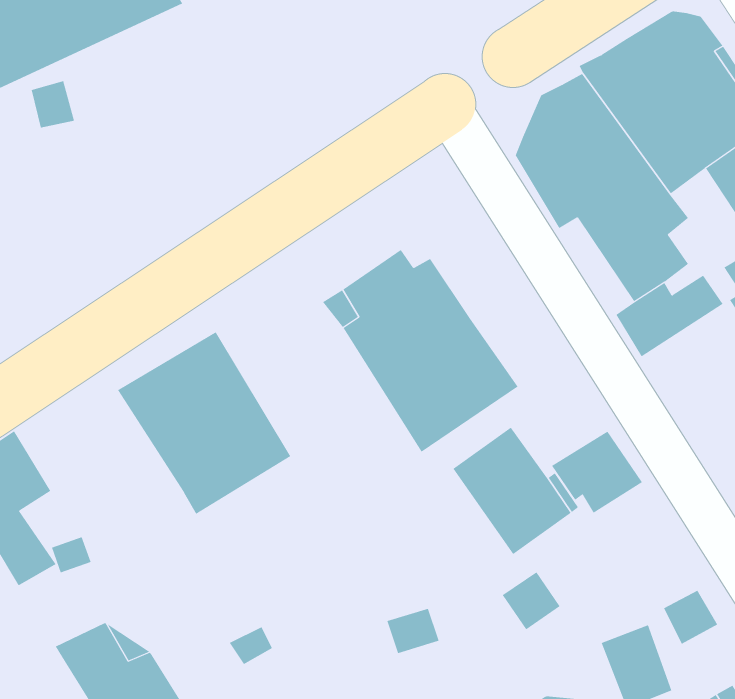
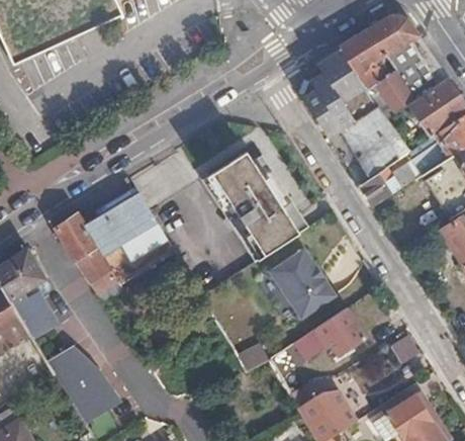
building: none -> [56,213,120,293]
building: [551,431,643,513] -> [315,305,366,351]

